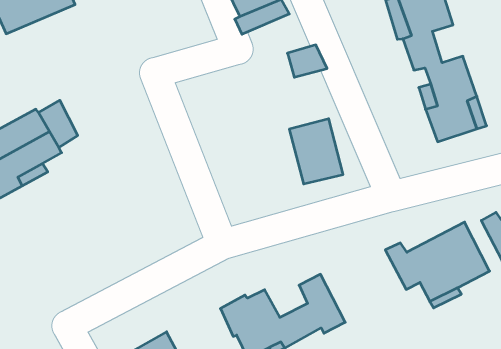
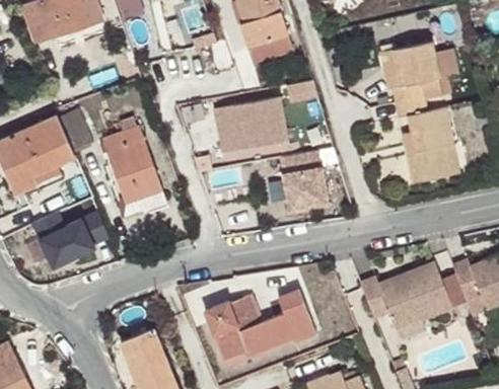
building: none -> [215,100,289,152]
building: none -> [103,120,162,206]
building: none -> [29,218,116,275]

